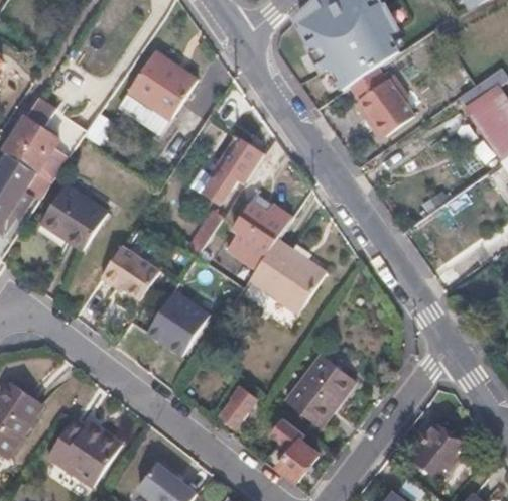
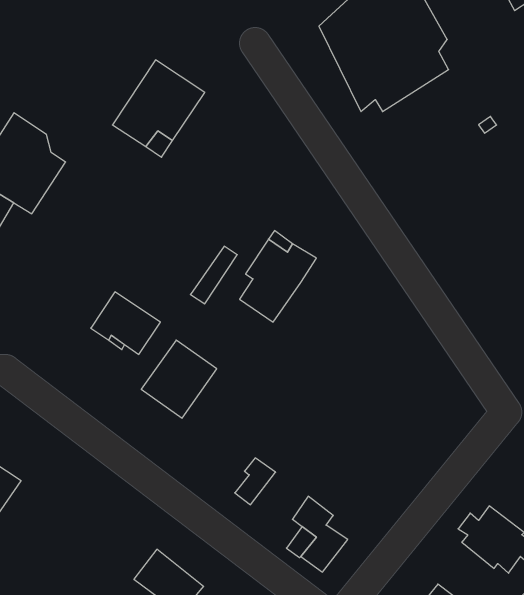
building: [354,77,414,136] -> none
building: [203,135,264,204] -> none
building: [39,183,107,249] -> none
building: [249,238,326,311] -> none
building: [285,354,356,426] -> none
building: [47,417,122,486] -> none

